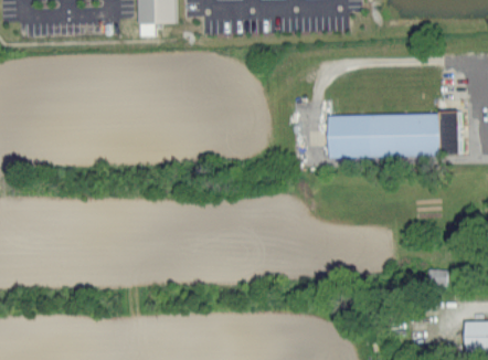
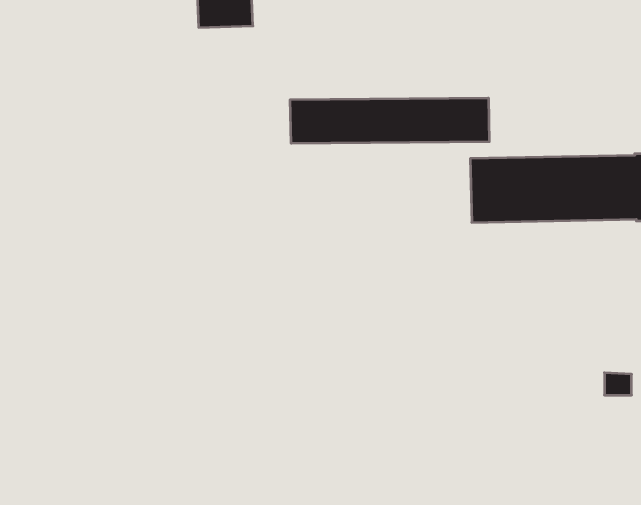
building: none -> [290,98,489,143]

